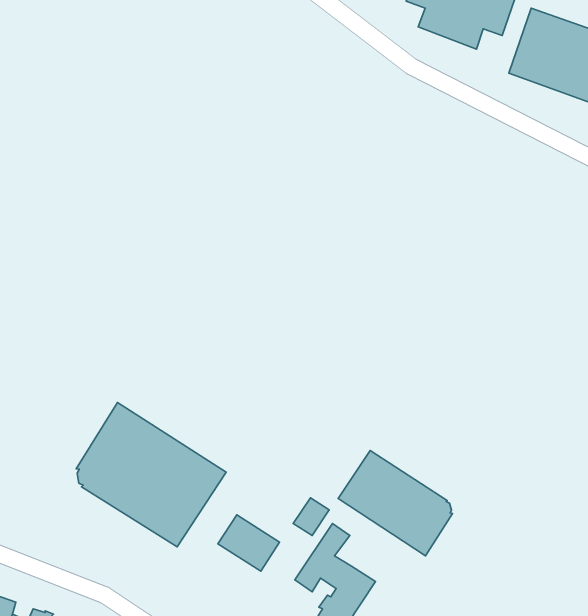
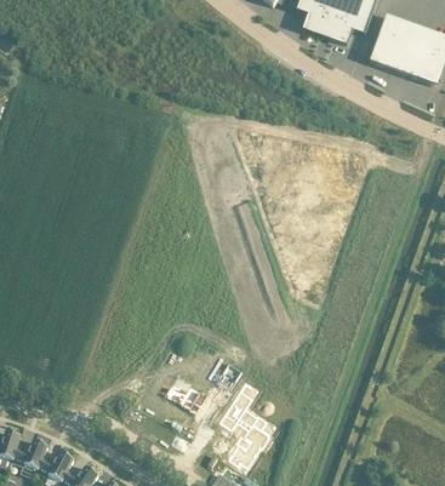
building: [76,403,226,547] -> none
building: [338,451,452,556] -> none

